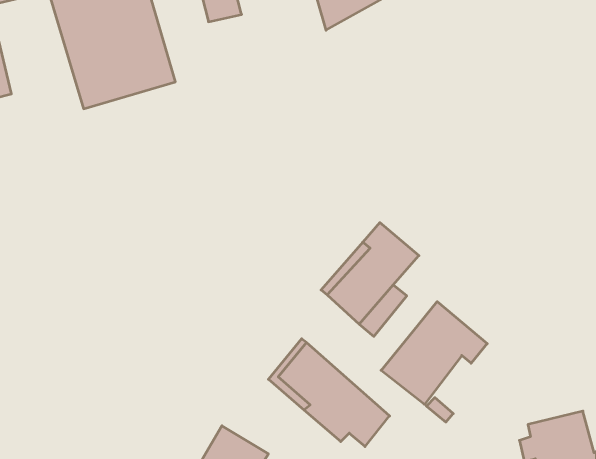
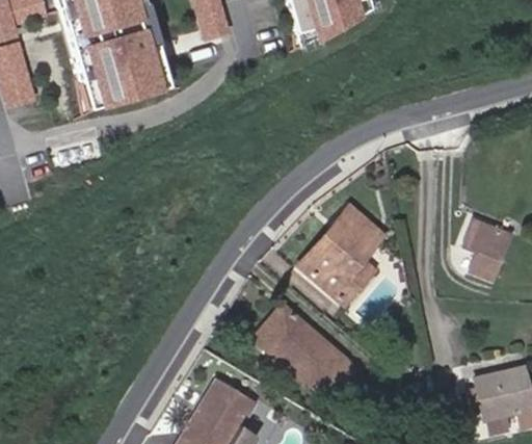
building: none -> [462,220,508,279]
building: [381,302,487,404] -> none

